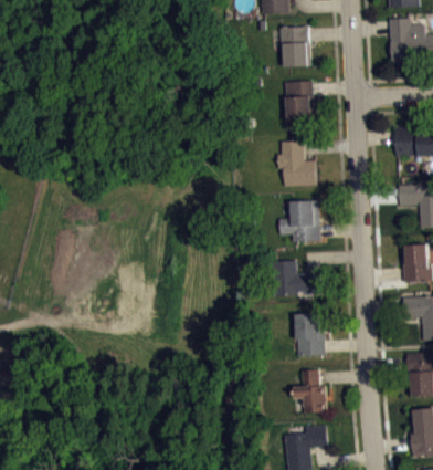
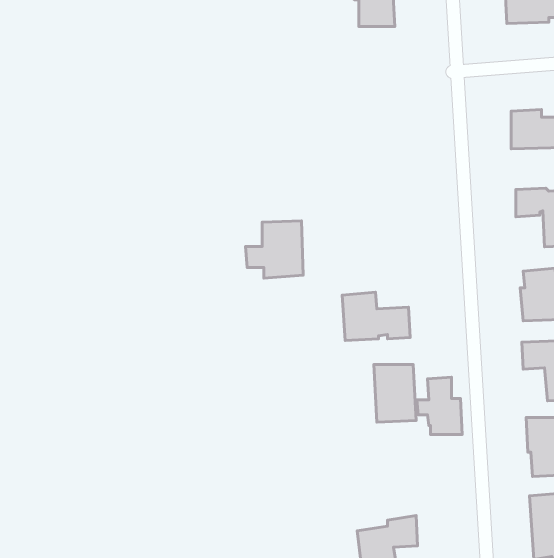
building: [285,81,314,127] -> none
building: [277,140,317,186] -> none
building: [278,200,320,242] -> [246,221,303,278]
building: [294,370,327,412] -> [417,377,462,435]

